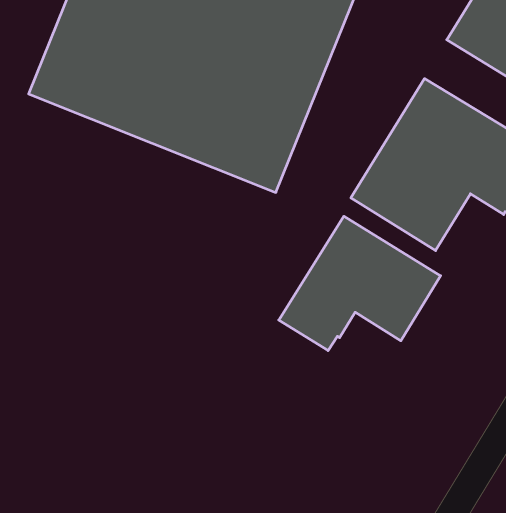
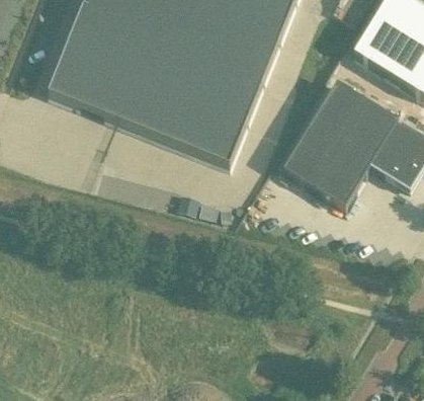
building: [279,216,441,351] -> none

